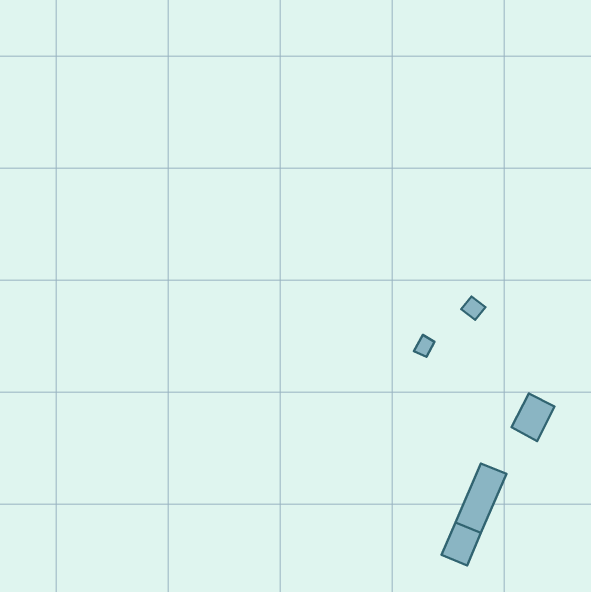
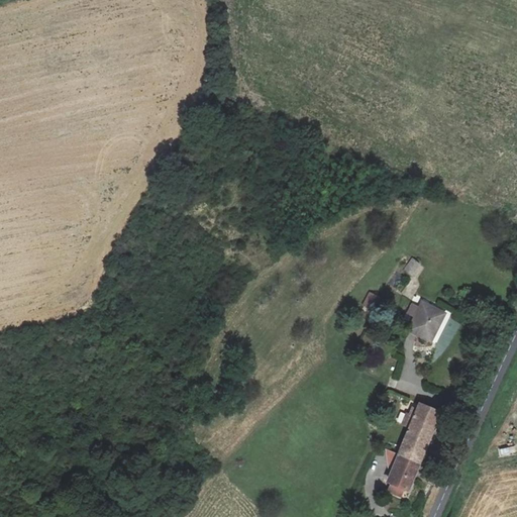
building: [512,394,554,441] -> [406,300,443,341]

